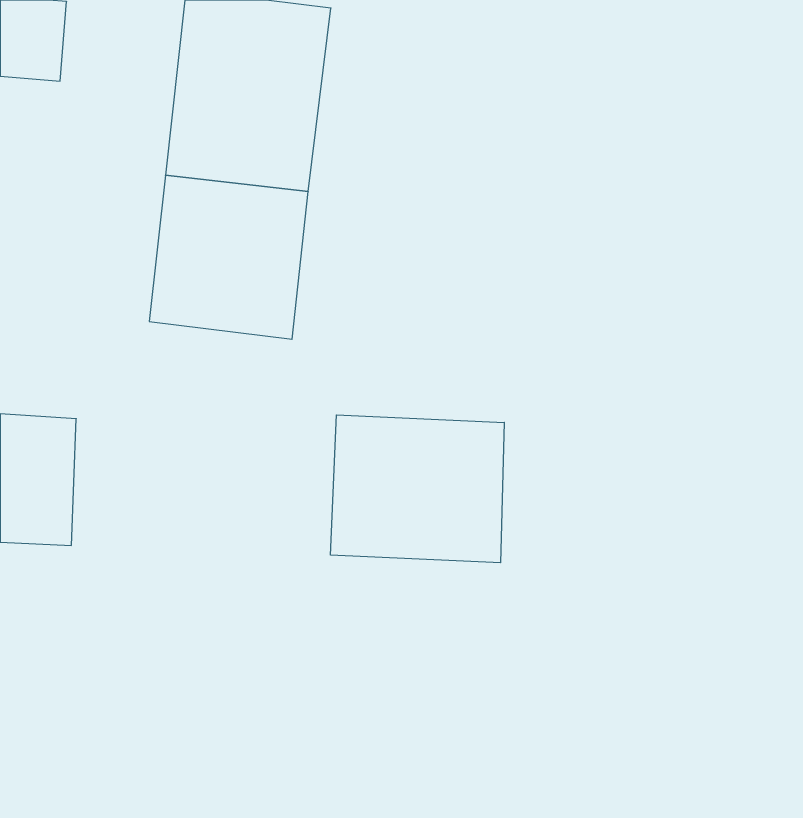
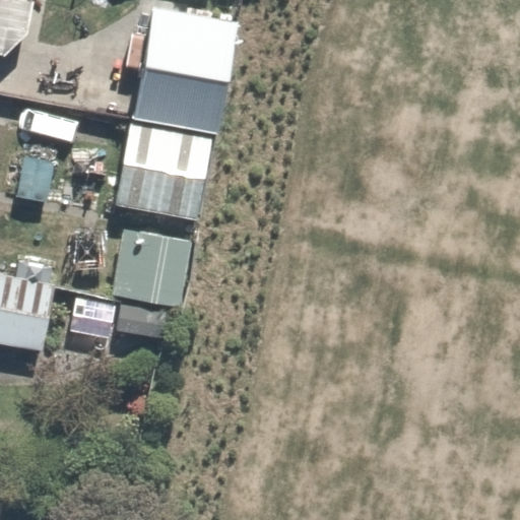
building: none -> [119,236,203,308]
building: [331,415,504,563] -> none

